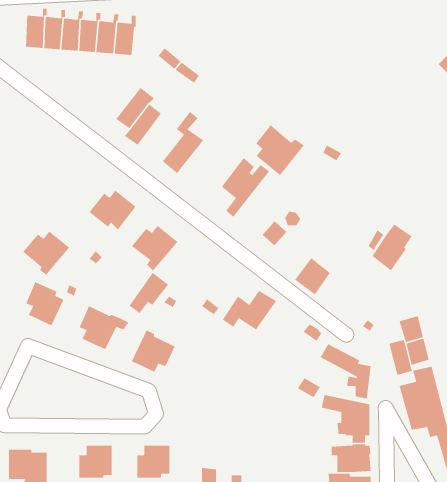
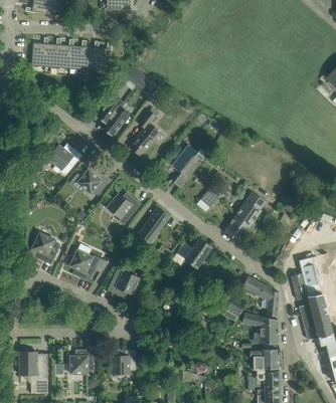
building: [255,124,305,176] -> none
building: [372,224,412,272] -> [236,192,266,226]
building: [22,231,70,276] -> [48,143,82,175]
building: [128,272,169,314] -> [141,207,170,237]

